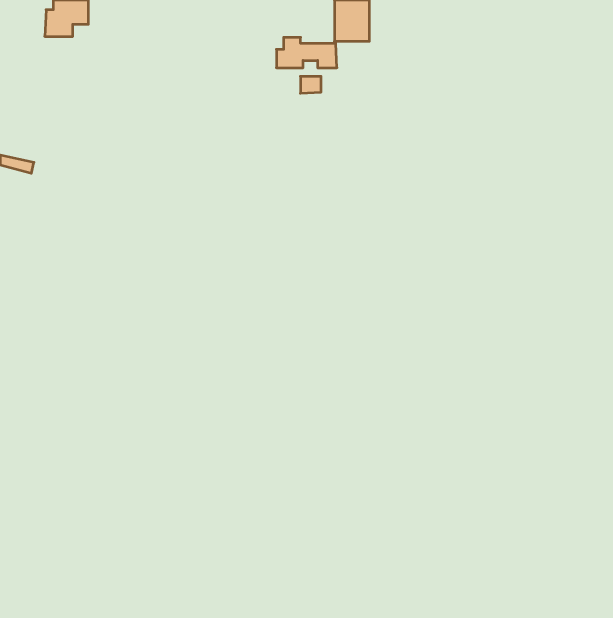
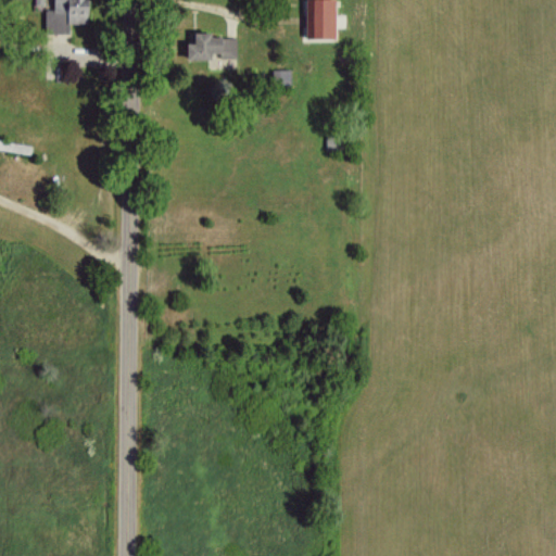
building: [276,37,337,68] -> [186,31,240,59]

